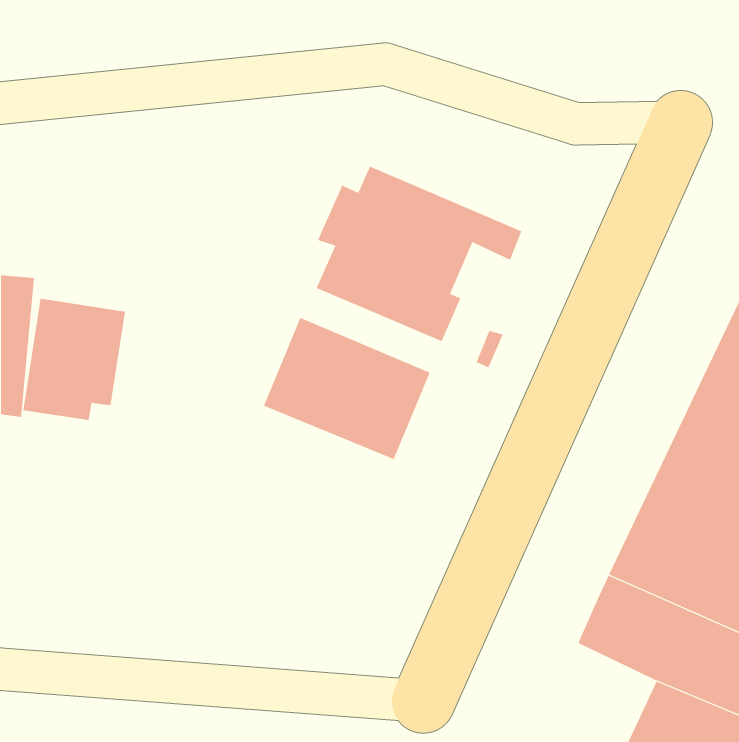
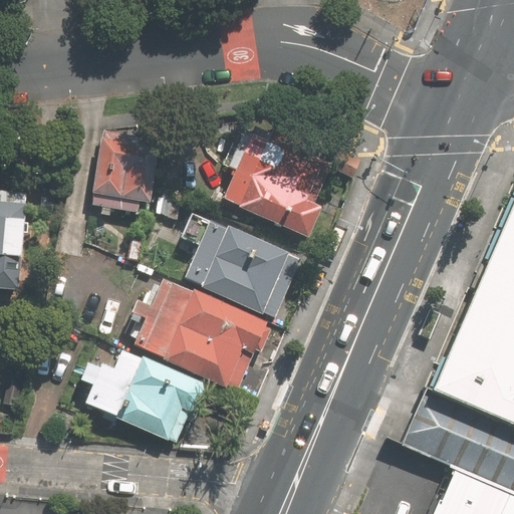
building: [22,298,126,421] -> [89,128,161,213]
building: none -> [130,279,268,389]
building: none -> [80,350,205,443]

